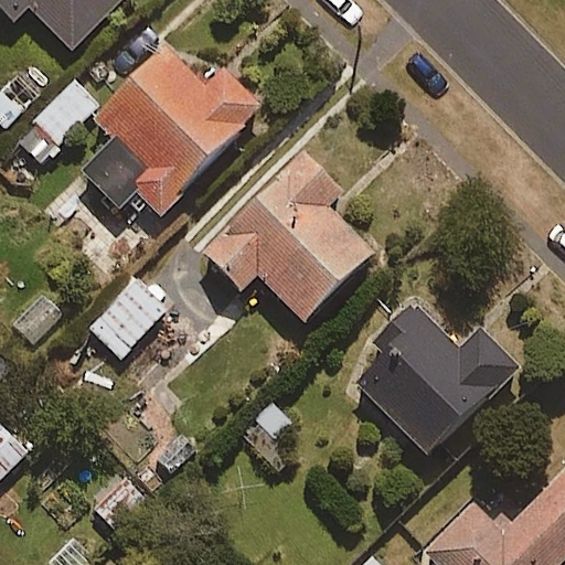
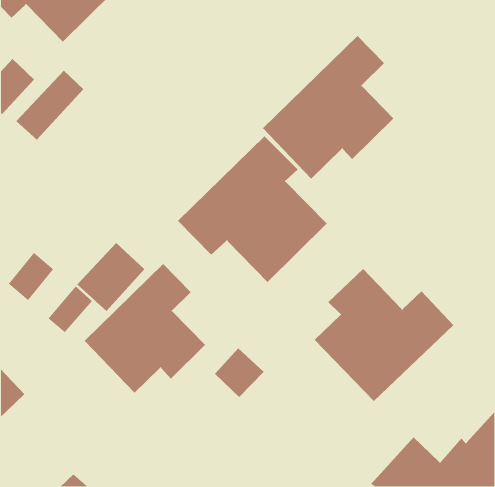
building: none -> [262,35,394,179]
building: [78,49,262,217] -> none
building: none -> [84,263,206,393]

